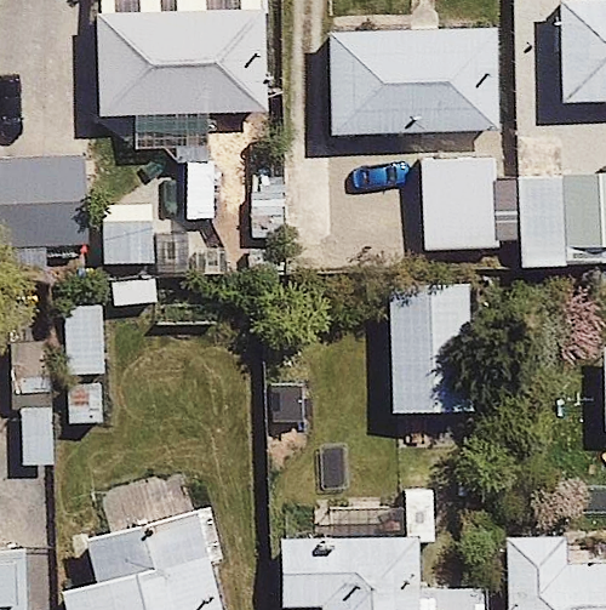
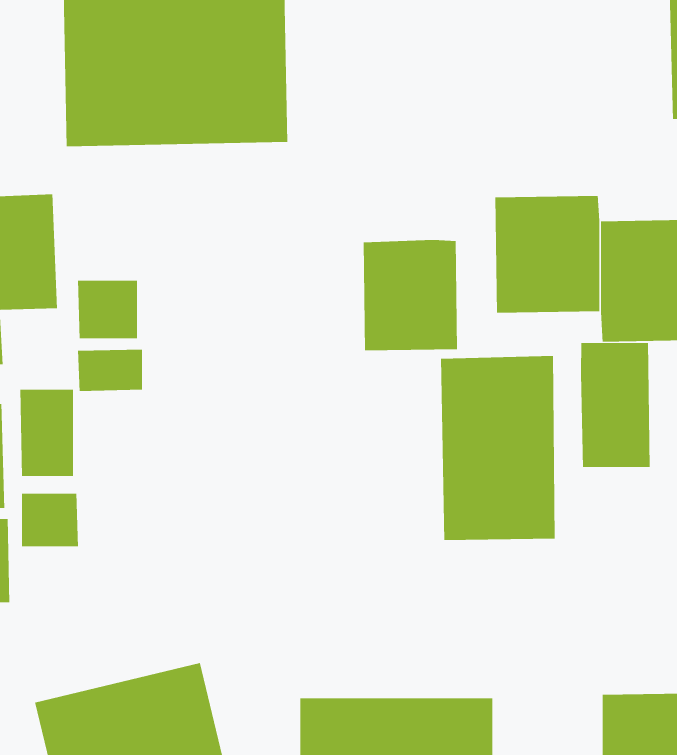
building: [326,28,502,136] -> none
building: none -> [363,239,458,351]
building: none -> [580,342,651,468]

